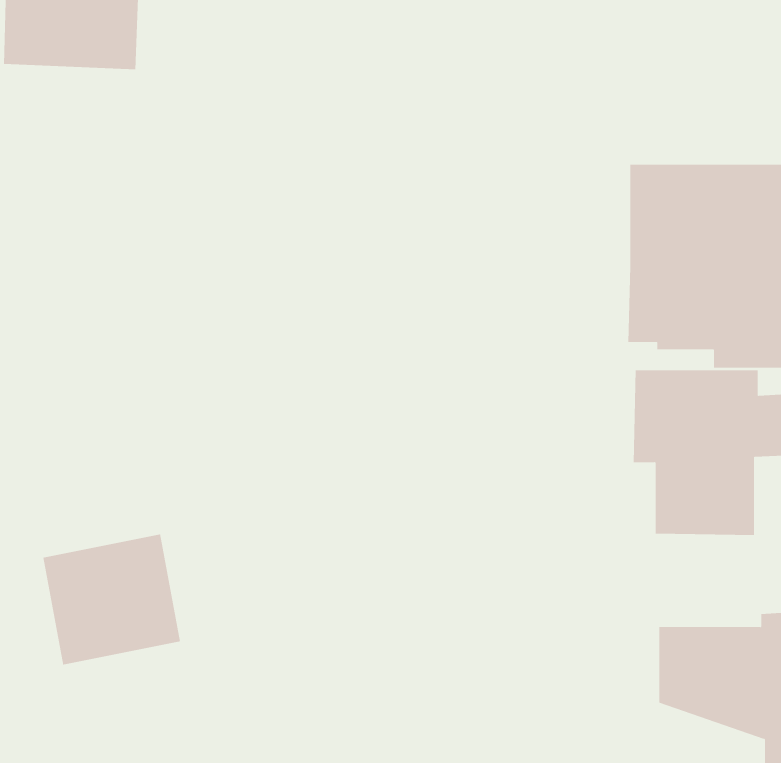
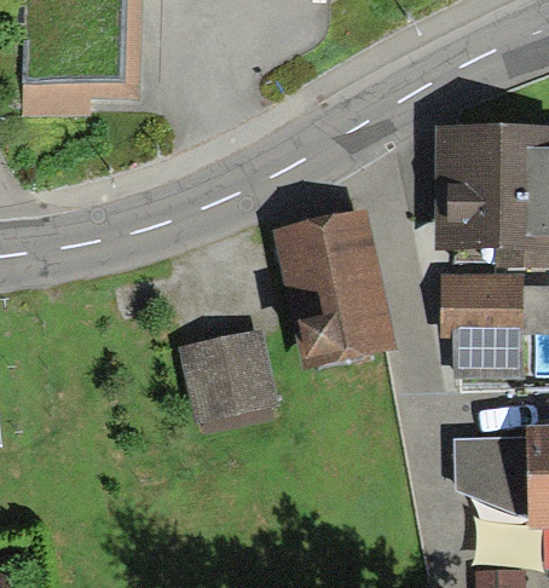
building: none -> [279,212,387,363]
building: [42,534,181,665] -> [183,328,274,415]

